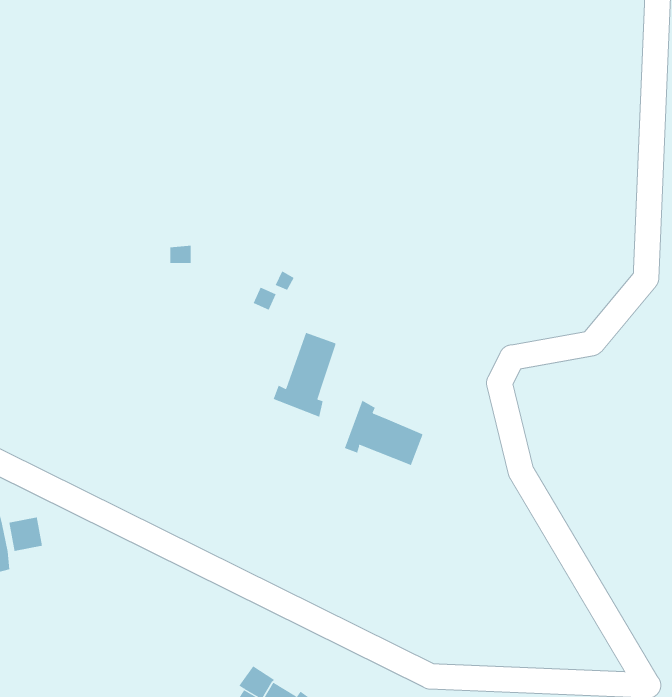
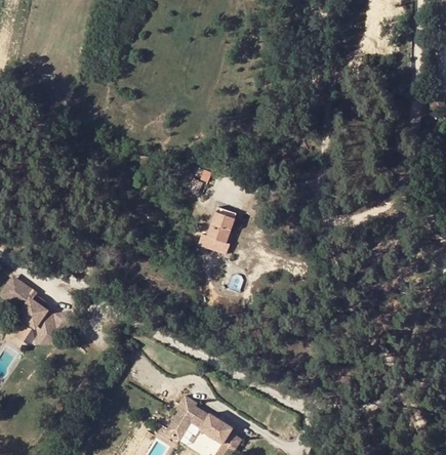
building: [344,400,423,466] -> none

